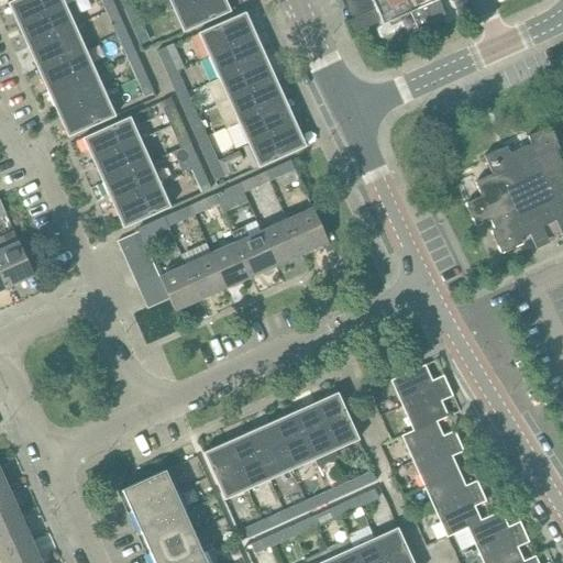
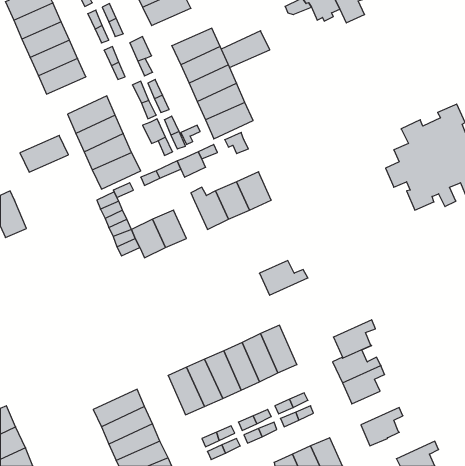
building: [199,11,257,55] -> [221,31,270,67]
building: [58,92,117,136] -> [20,135,68,172]
building: [211,242,252,287] -> none
building: [391,364,450,406] -> [259,261,308,295]
building: [426,471,483,511] -> none
building: [468,510,526,552] -> none

